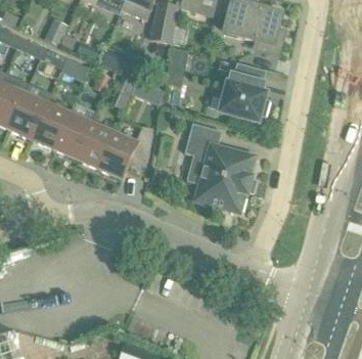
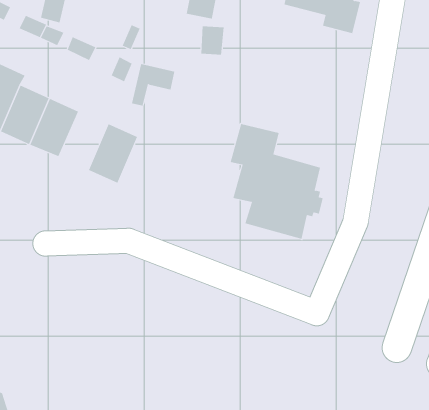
building: [220,63,270,122] -> none
building: [53,114,91,159] -> none
building: [98,127,152,179] -> none

